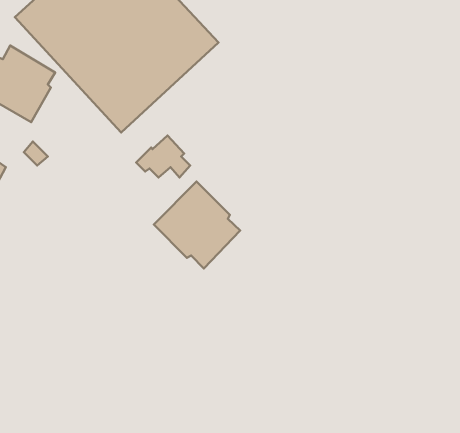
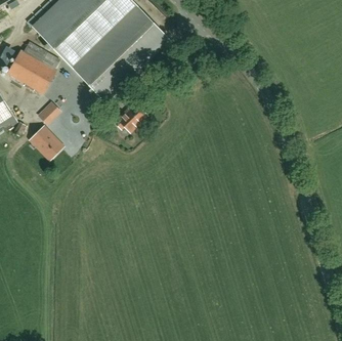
building: none -> [29,126,60,160]
building: [154,181,240,269] -> none

